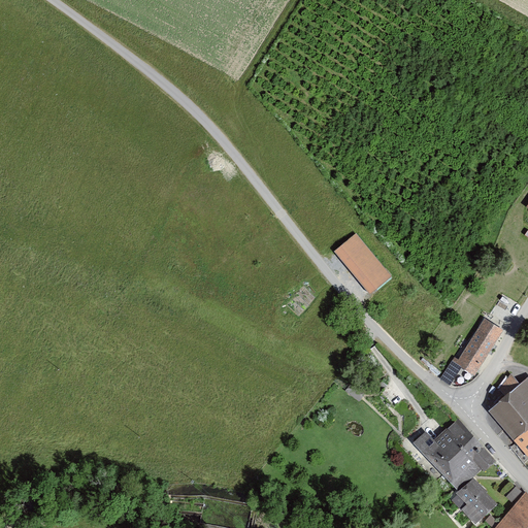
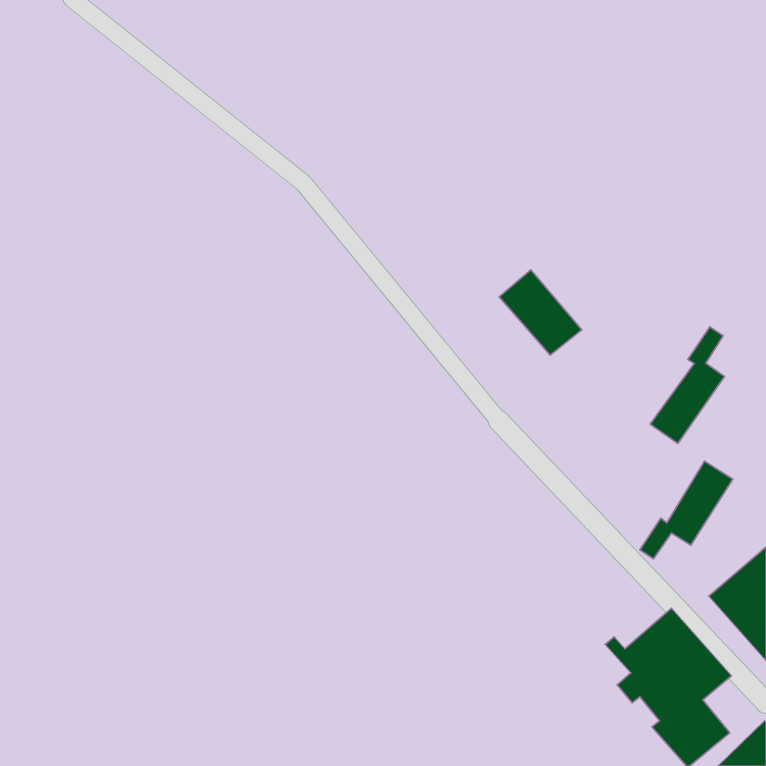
building: none -> [650,327,724,444]
building: [334,233,391,292] -> [499,270,582,355]

